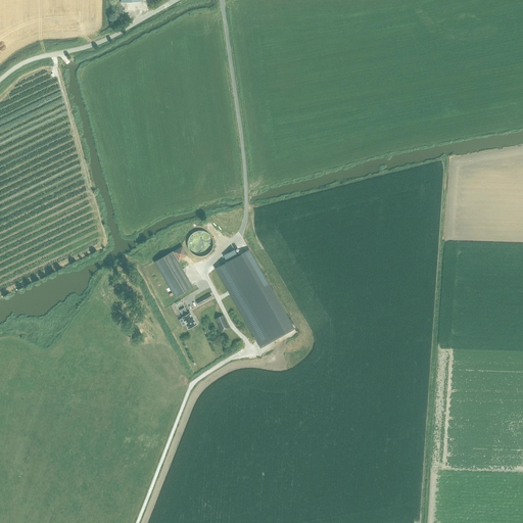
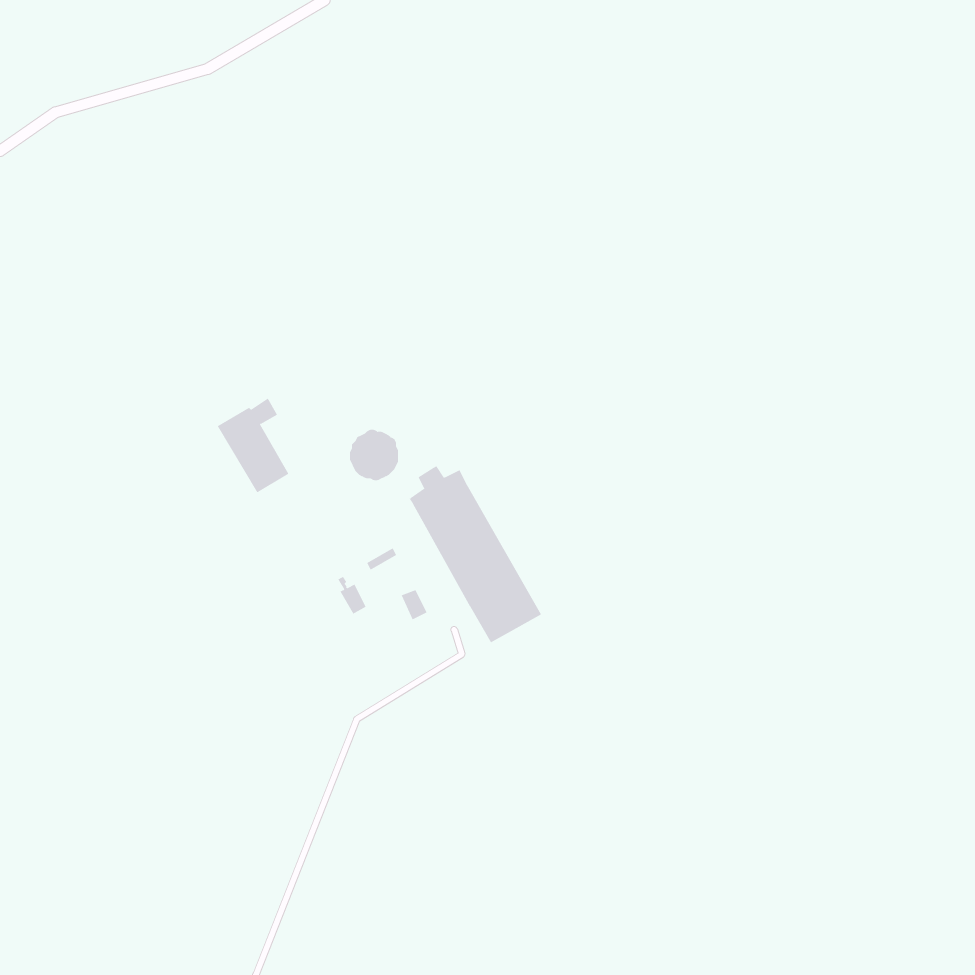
building: [154,246,193,297] -> [217,398,289,493]

